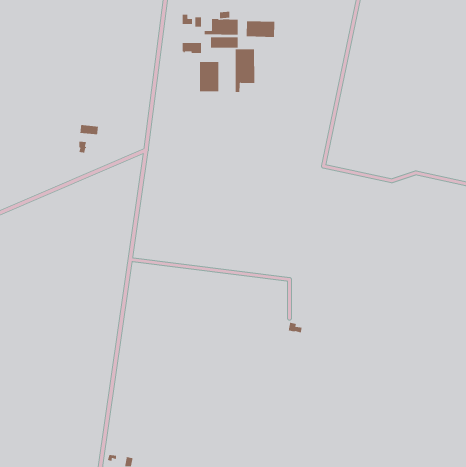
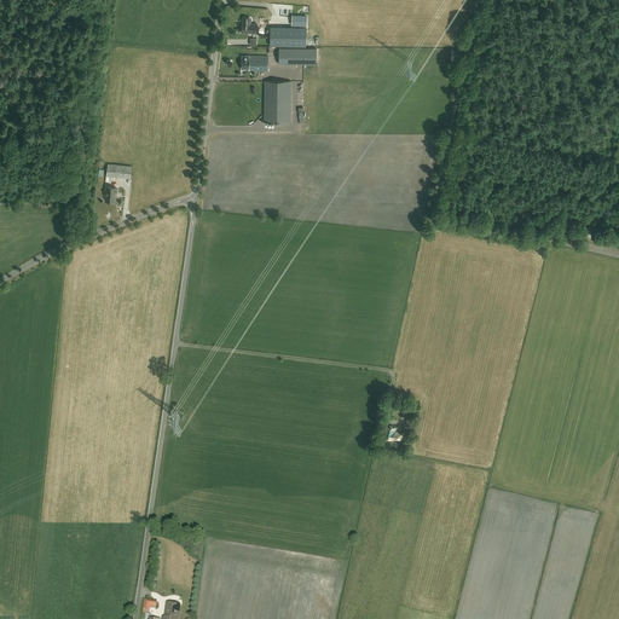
building: [246,21,275,38] -> none
building: [235,48,255,93] -> none

